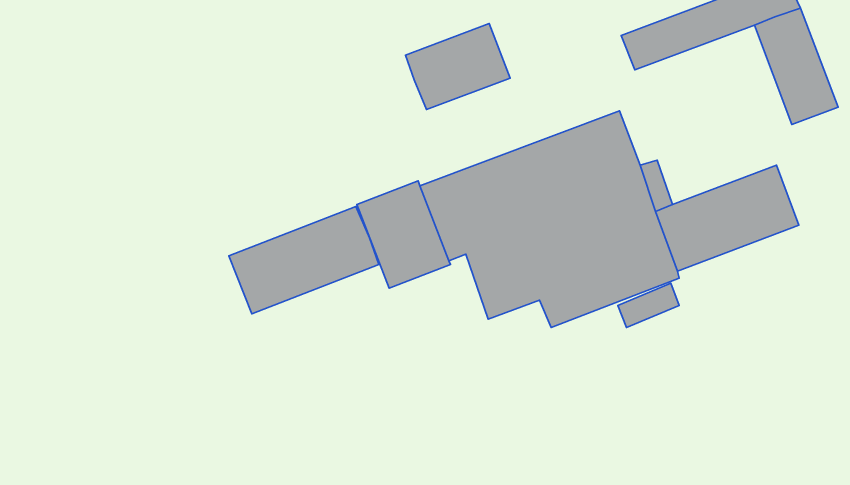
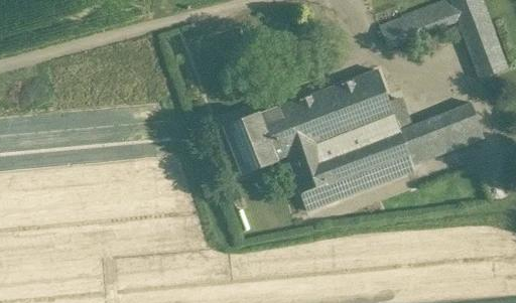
building: [406,24,510,110] -> none
building: [229,206,379,314] -> none
building: none -> [300,182,338,210]

